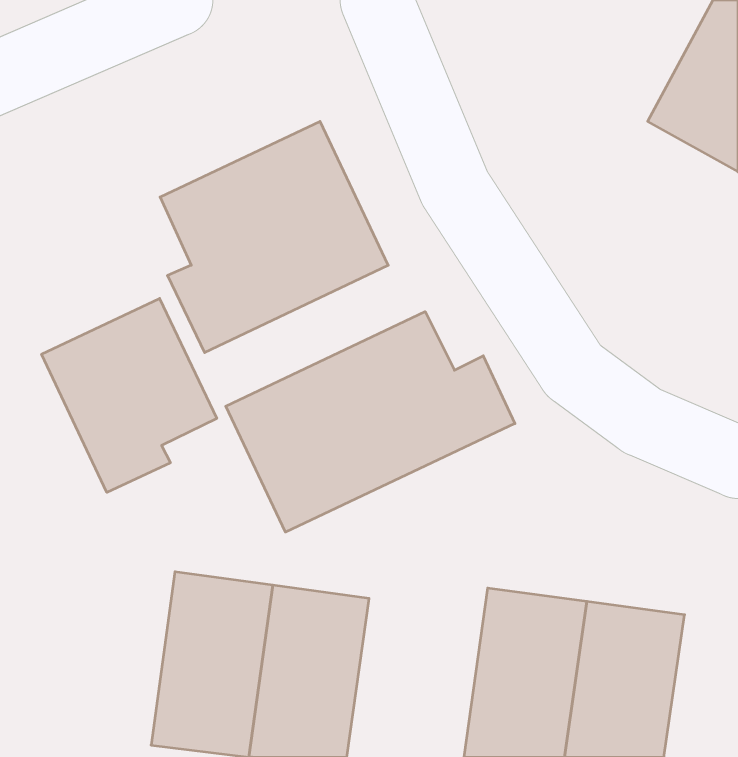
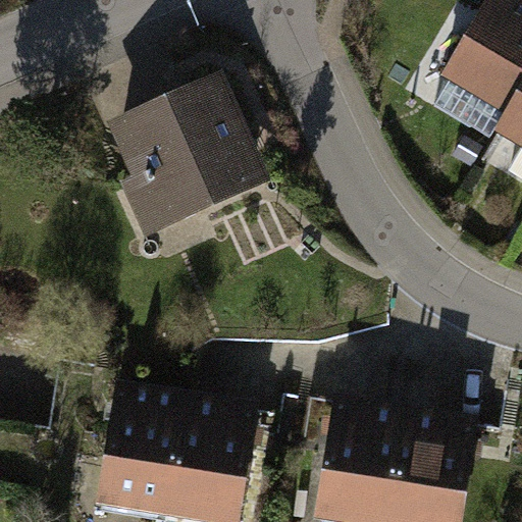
building: [42,298,217,492] -> none
building: [226,312,515,532] -> none

